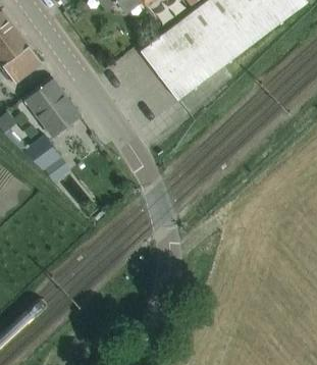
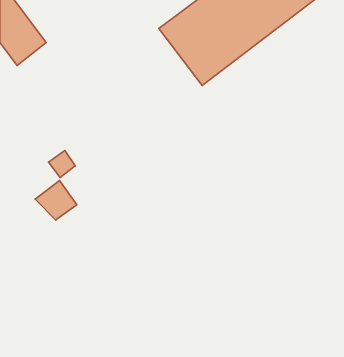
building: [24,80,80,137] -> none
building: [23,135,60,169] -> [35,180,77,220]

